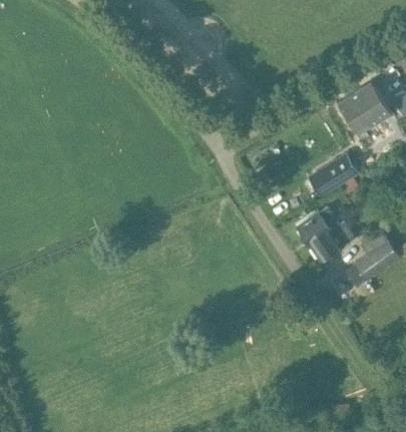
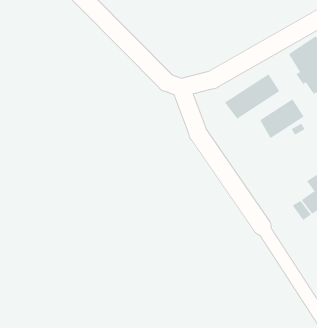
building: none -> [224,74,280,119]
building: [297,207,353,261] -> none

